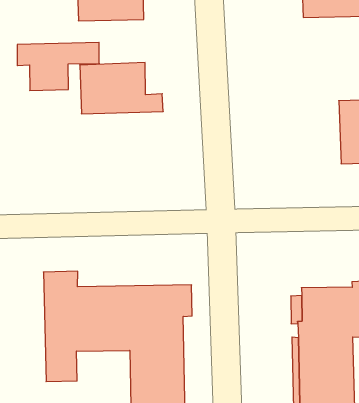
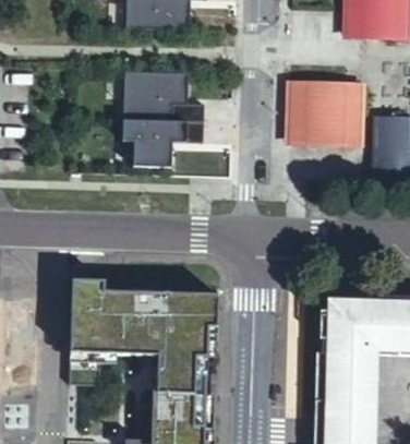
building: [17,42,99,90] -> [120,119,202,166]
building: none -> [287,85,360,144]

